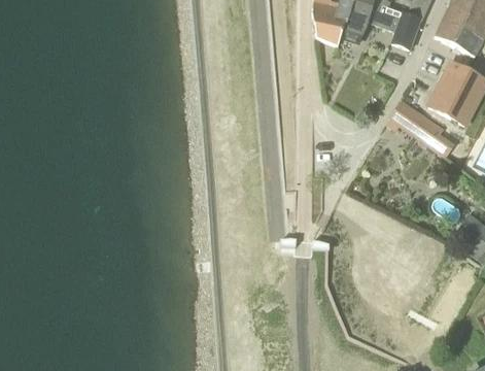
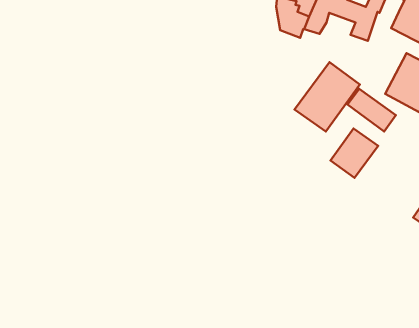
building: none -> [294,62,360,131]
building: none -> [331,129,378,178]

